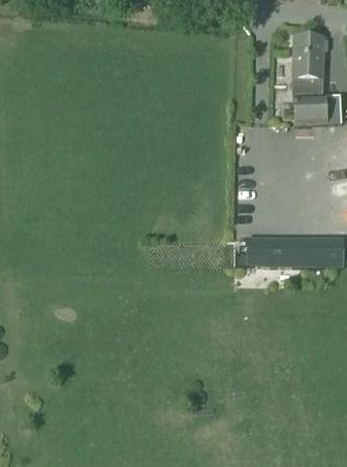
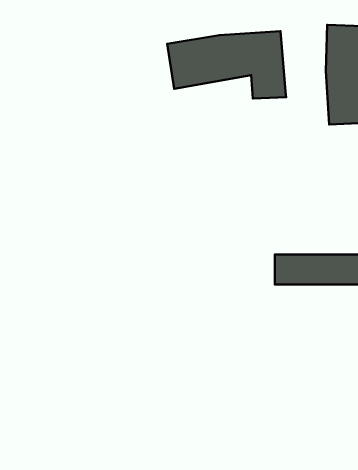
building: none -> [167,31,286,99]

